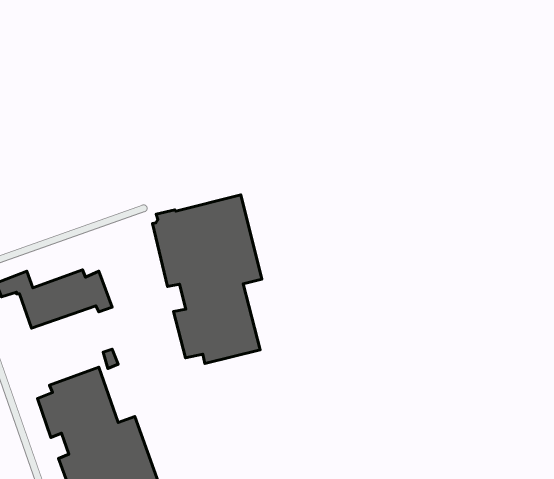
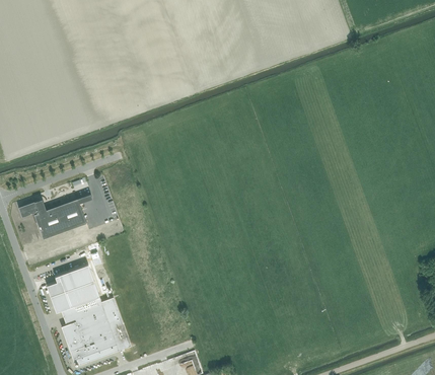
building: [152,195,262,363] -> none

